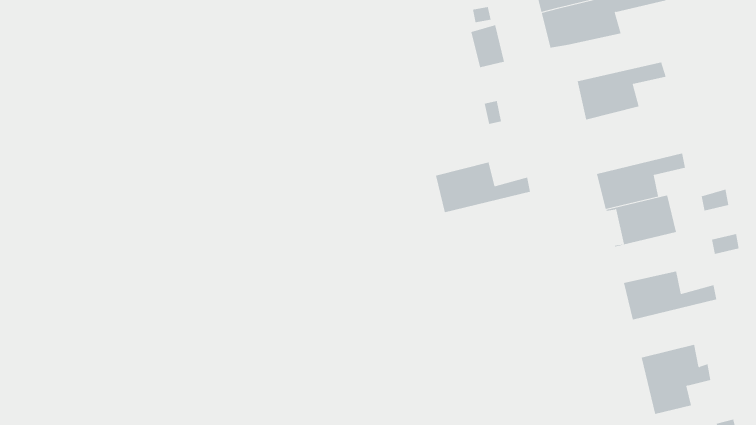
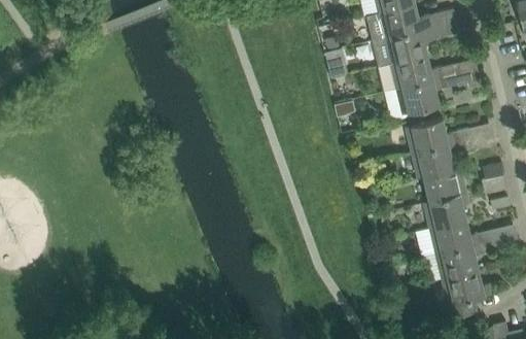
building: none -> [391,56,456,89]
building: [435,162,531,213] -> [405,117,470,152]
building: none -> [423,193,468,228]
building: none -> [435,239,497,279]

